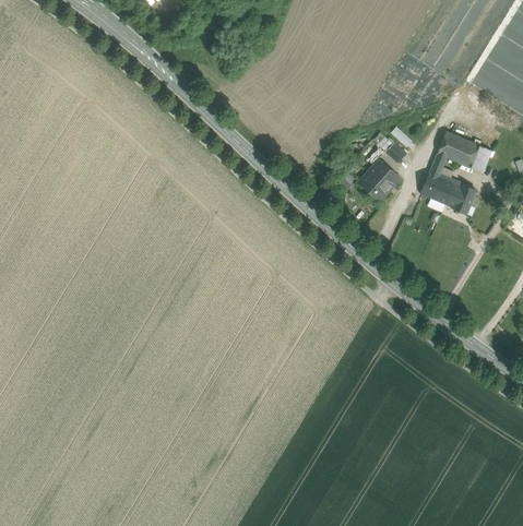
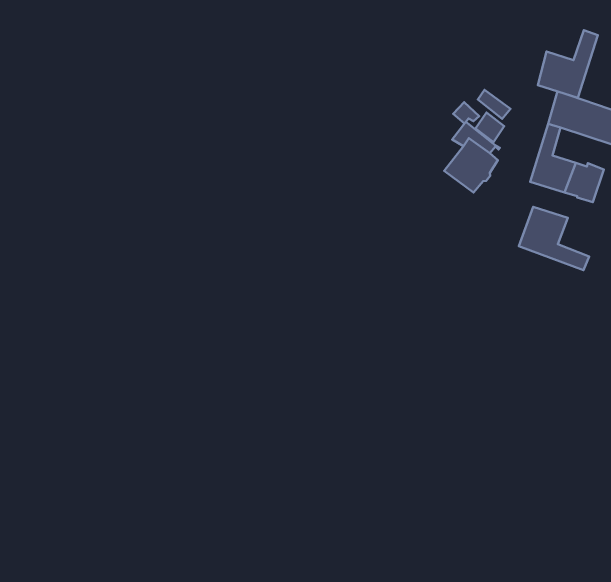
building: none -> [538,30,598,98]
building: none -> [519,207,589,270]

